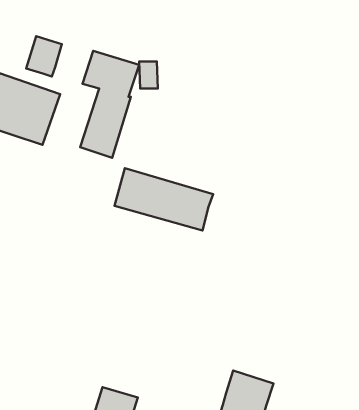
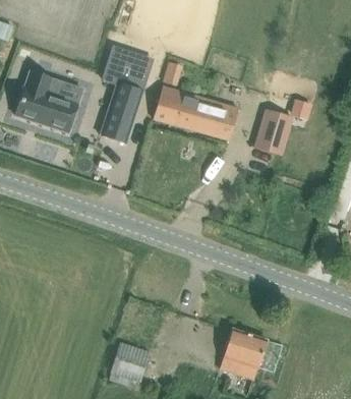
building: [26,36,62,76] -> none
building: none -> [253,112,292,154]
building: [114,168,213,231] -> [153,85,238,139]

